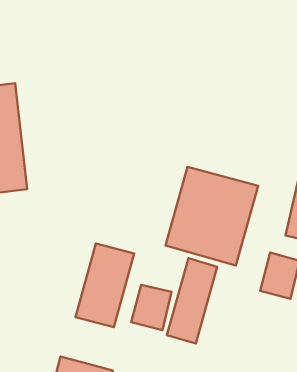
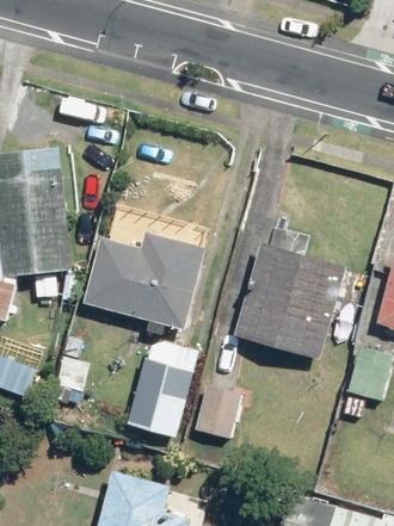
building: none -> [82,233,205,330]
building: [167,258,217,344] -> none

